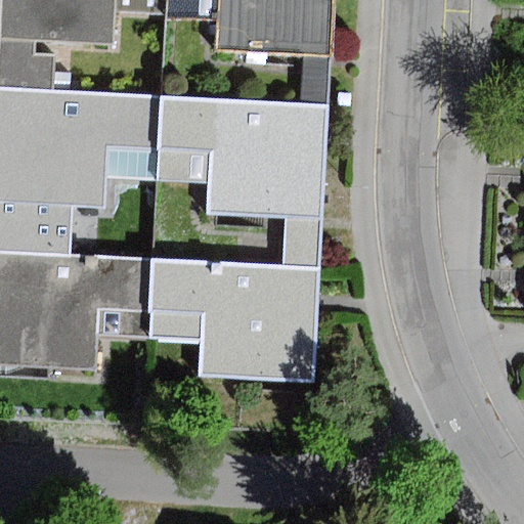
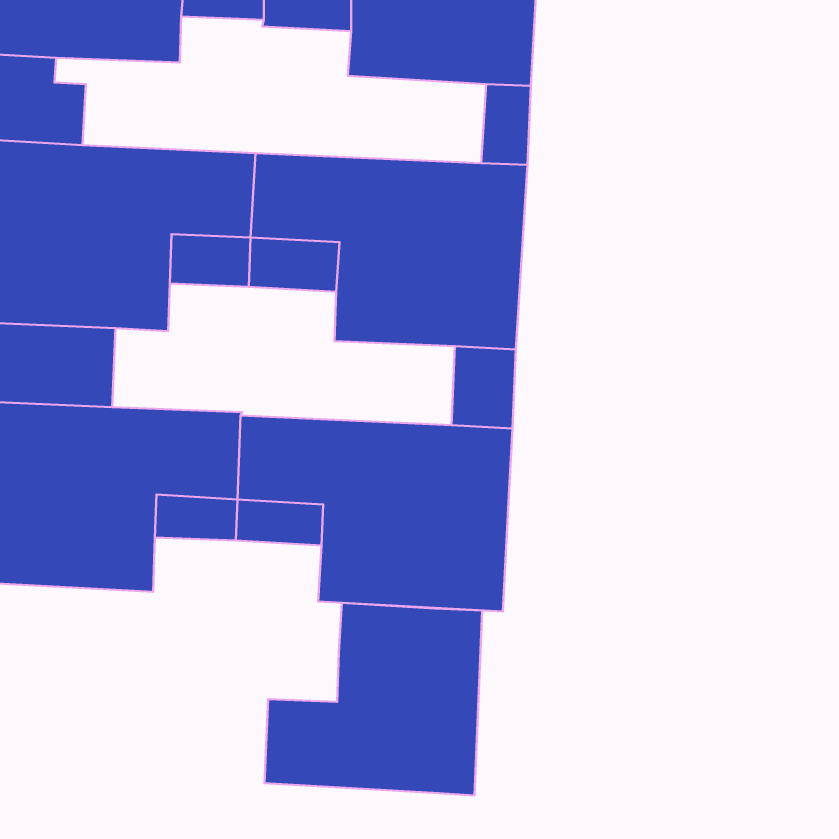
building: none -> [265,603,482,795]

